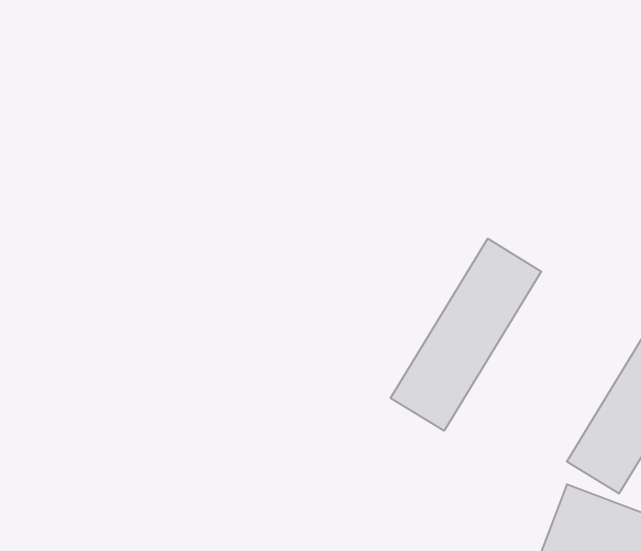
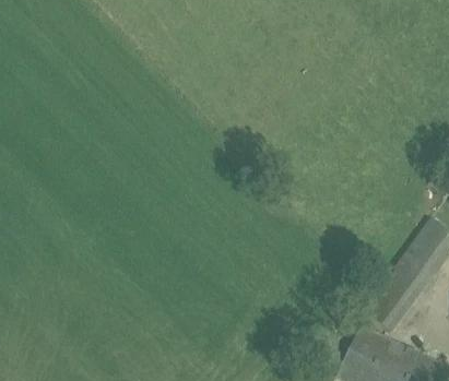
building: [391,239,541,431] -> none

